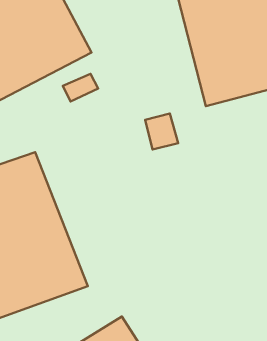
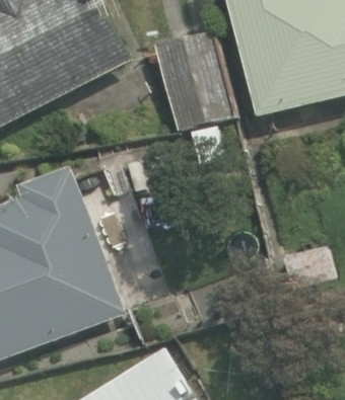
building: none -> [153,29,235,133]

